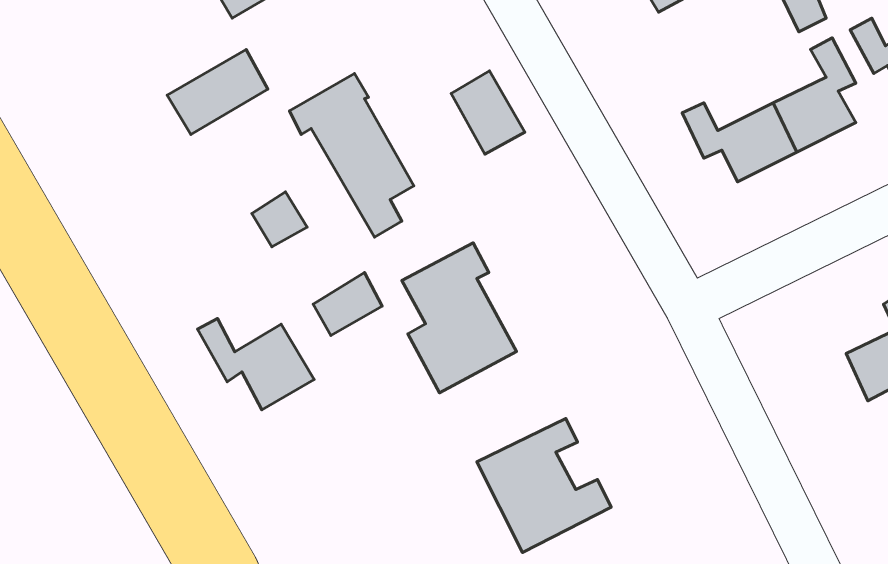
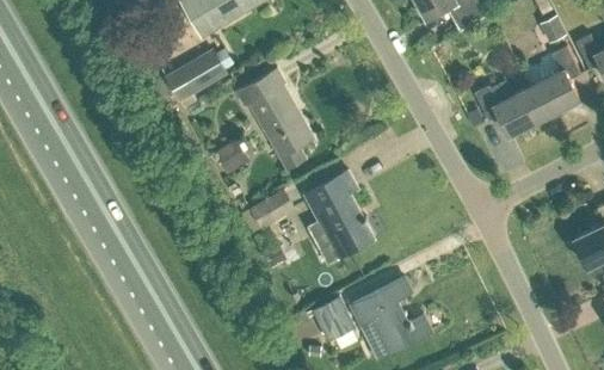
building: [451,71,525,154] -> none
building: [198,319,314,410] -> none
building: none -> [312,296,352,338]

